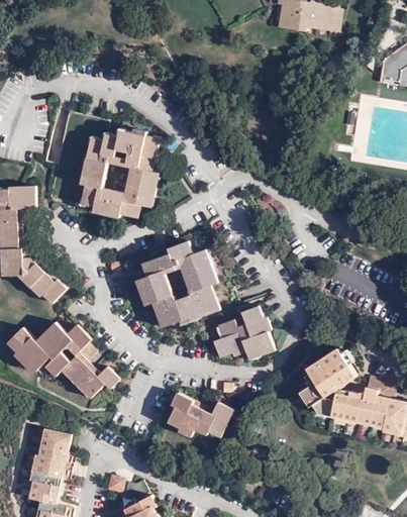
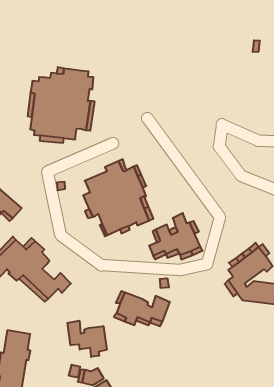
building: none -> [68,321,107,357]

